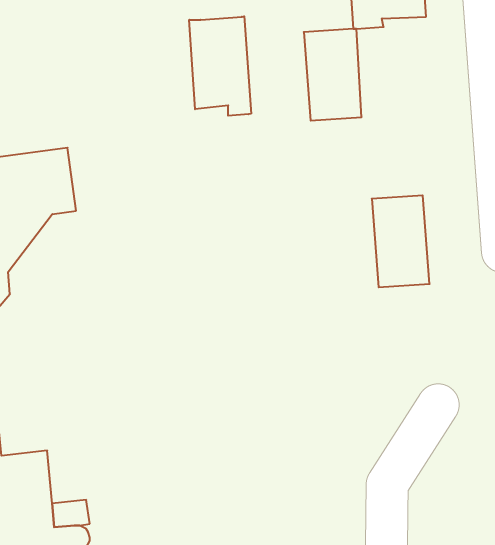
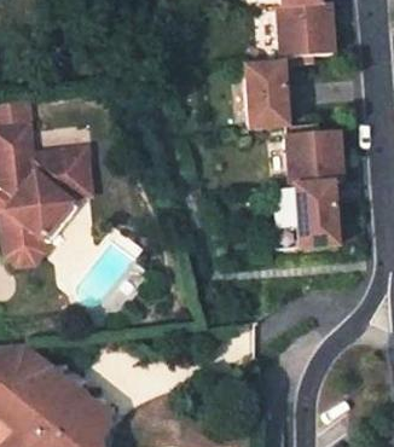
building: [189,16,251,116] -> none
building: none -> [289,127,344,184]

